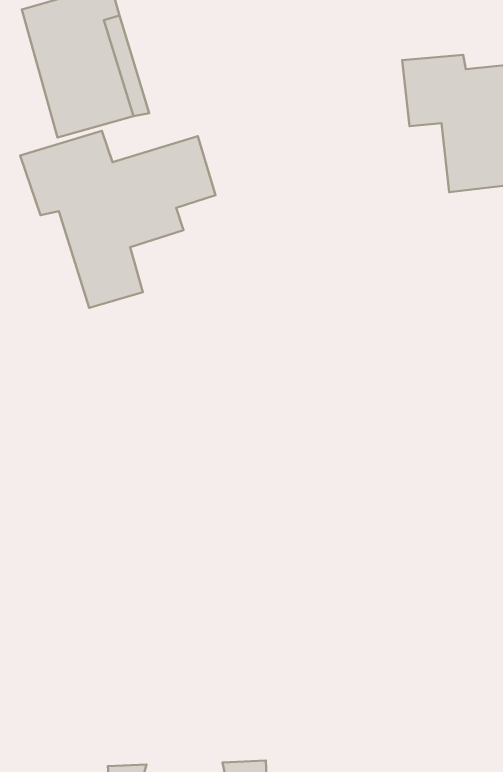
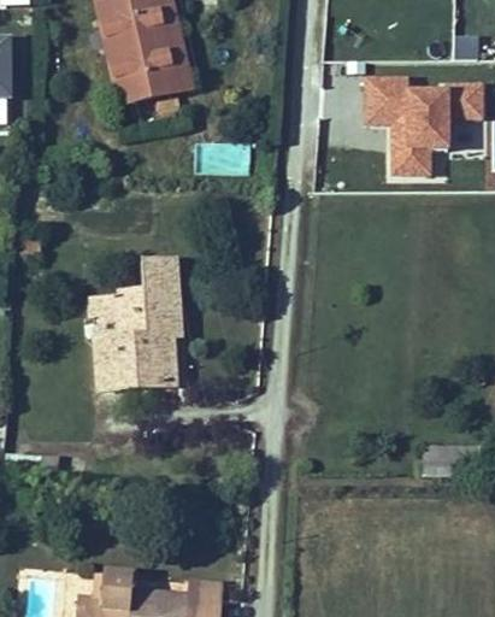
building: [20,131,216,308] -> none
building: none -> [83,266,169,394]

